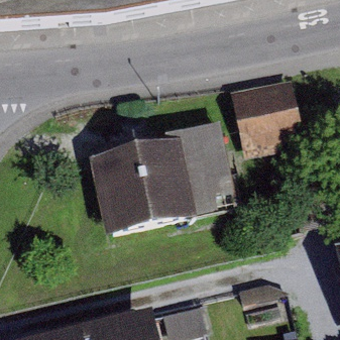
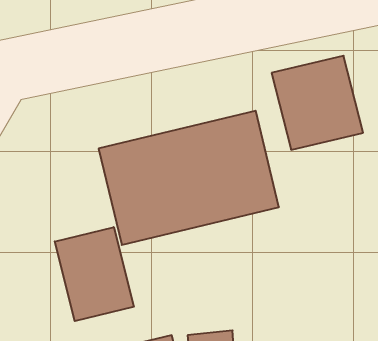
building: none -> [55,227,134,321]

